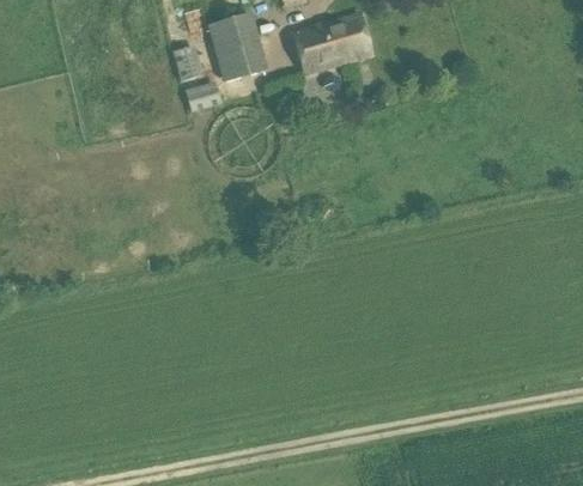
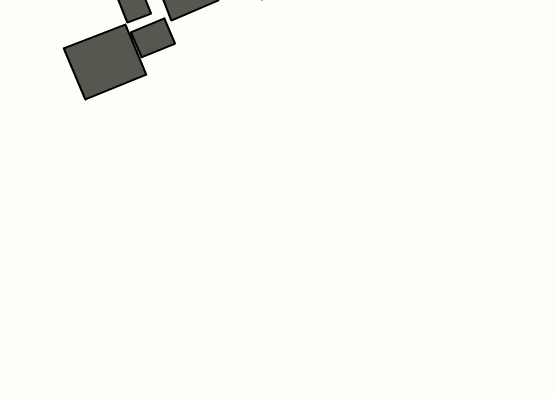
building: none -> [64,24,146,100]

